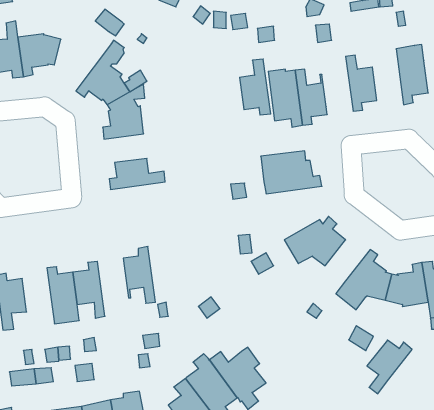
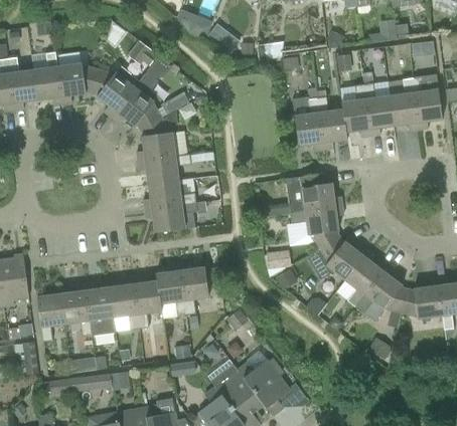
building: none -> [92,66,145,117]
building: none -> [390,77,419,131]
building: [240,59,271,115] -> [342,84,371,137]
building: none -> [138,155,190,184]
building: none -> [144,201,206,232]
building: none -> [290,206,343,256]
building: none -> [179,261,208,314]
building: none -> [132,275,161,328]
building: none -> [61,282,92,336]
building: [367,340,412,394] -> [345,256,388,306]

